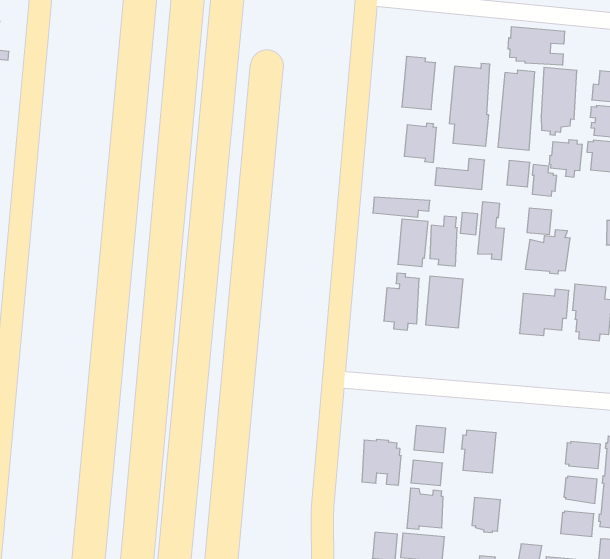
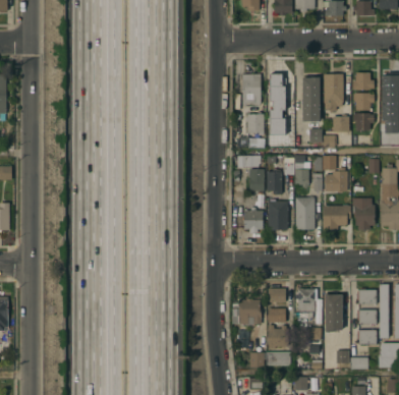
building: [508,27,565,65] -> none
building: none -> [295,196,315,229]
building: none -> [324,292,341,332]

